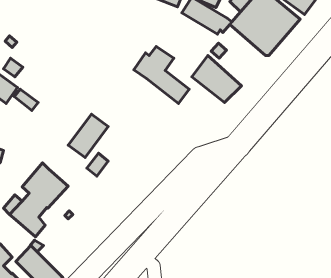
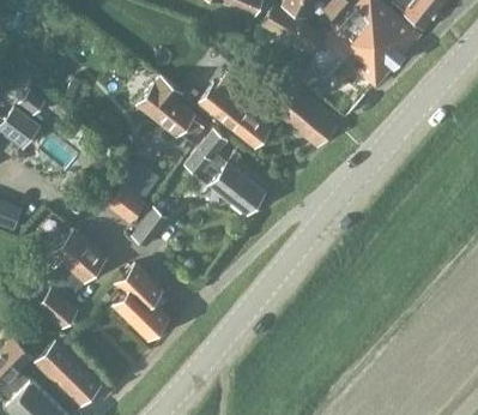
building: none -> [135,76,202,142]
building: none -> [184,128,265,215]
building: none -> [111,263,167,338]

